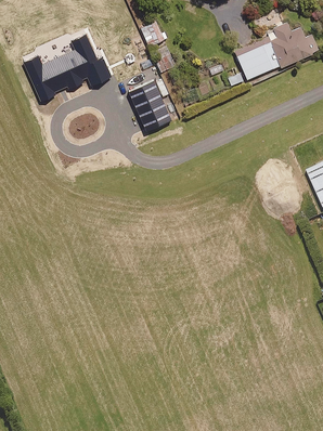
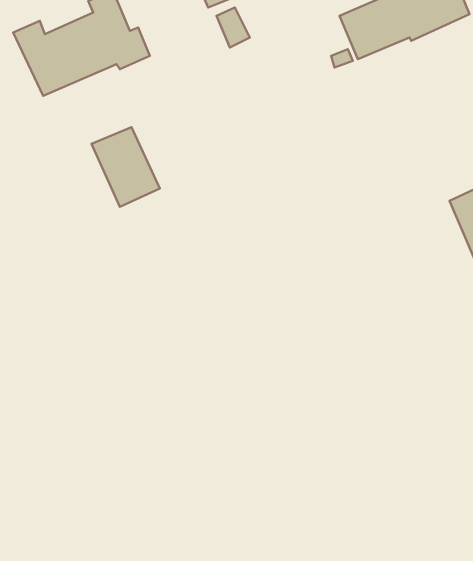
building: [129,80,173,132] -> [91,127,160,207]

